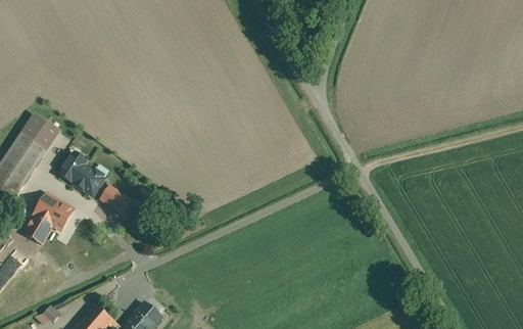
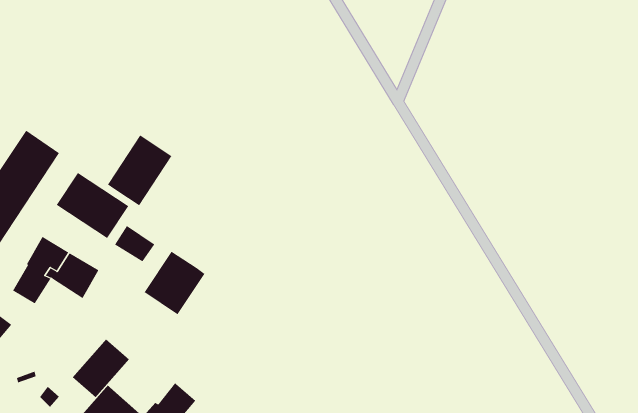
building: none -> [107,134,172,206]
building: none -> [144,251,205,315]
building: none -> [72,339,130,398]

